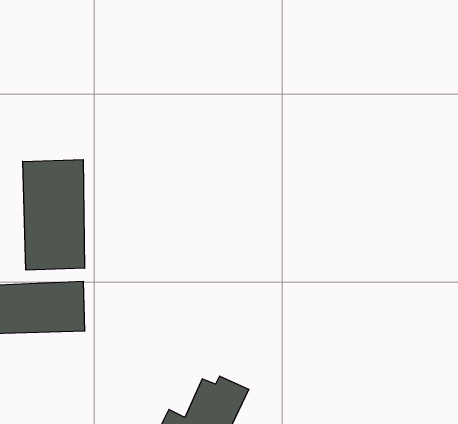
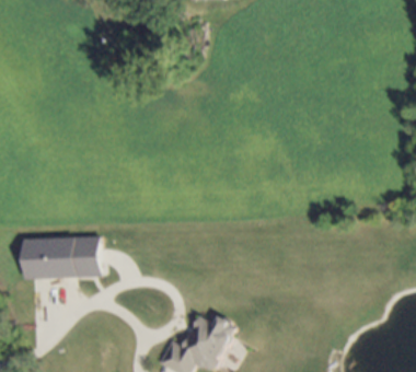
building: [23,160,85,270] -> none

